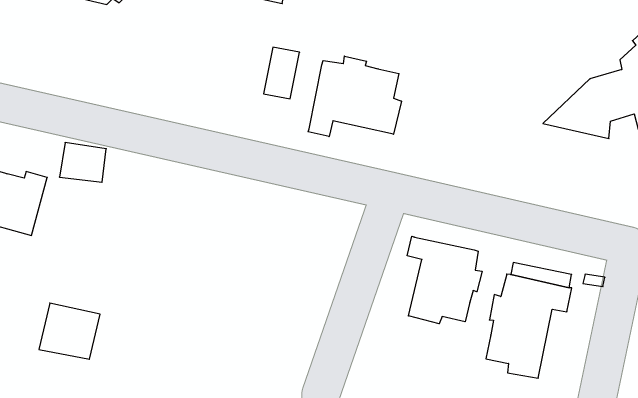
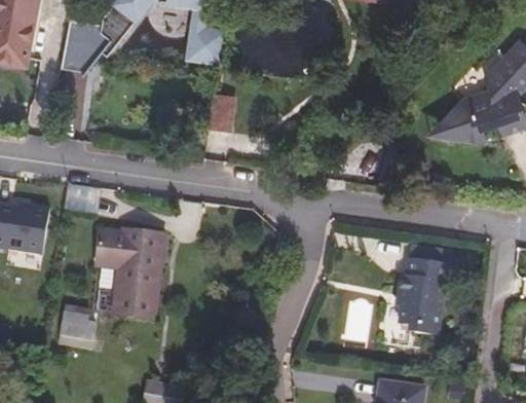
building: [308,56,401,137] -> none
building: none -> [101,225,168,318]
building: [407,236,482,324] -> none

